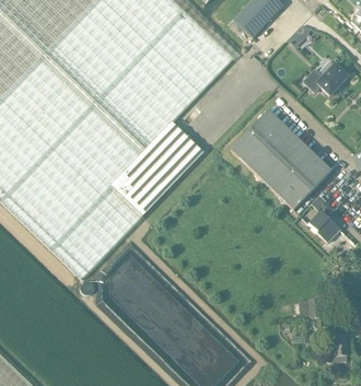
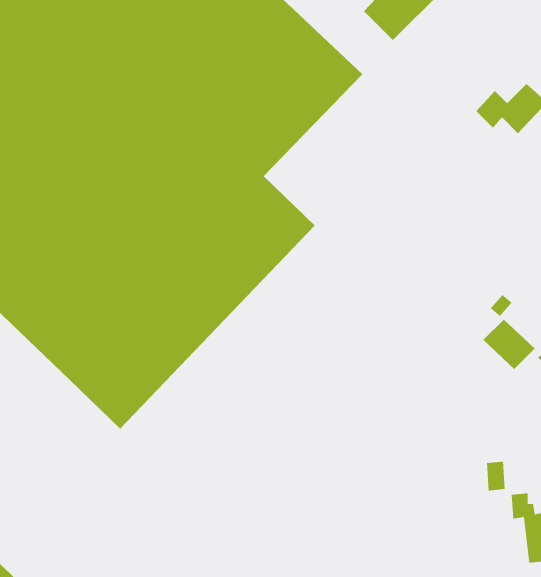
building: [230,108,330,208] -> none

